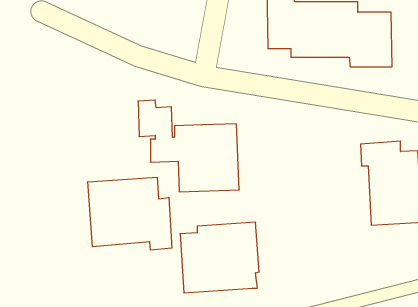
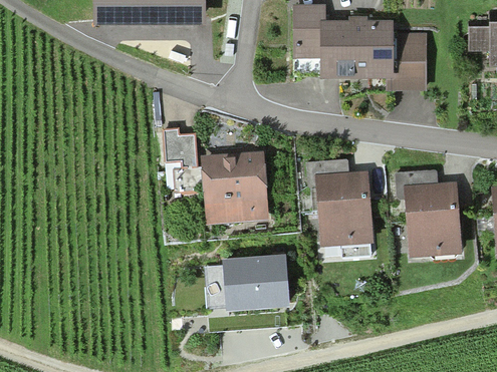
building: none -> [306,158,374,246]
building: [88,177,172,250] -> none

